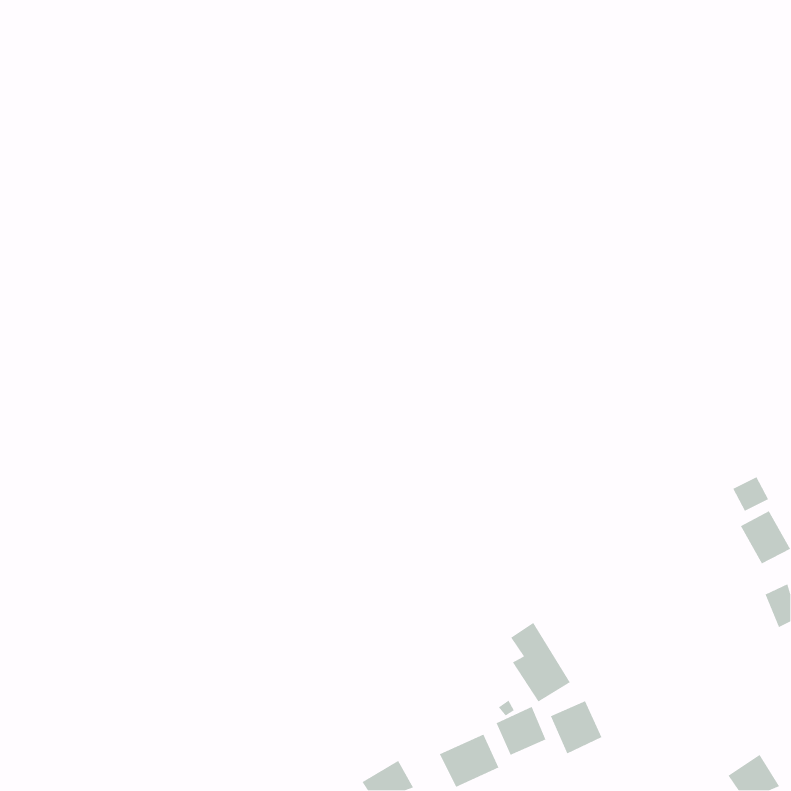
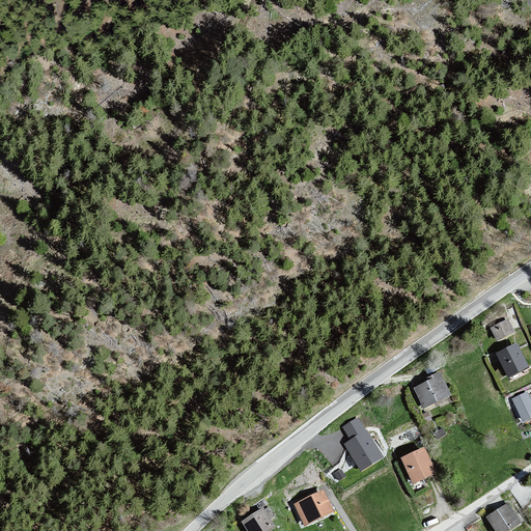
building: none -> [412,369,451,409]
building: [550,700,602,755] -> [402,449,438,485]
building: [495,706,546,756] -> none

